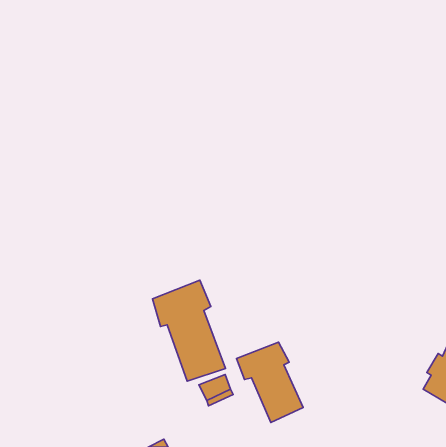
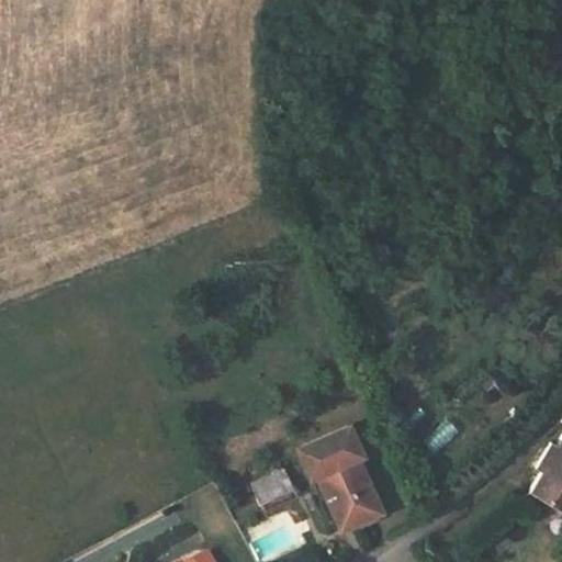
building: [152,280,225,381] -> none

